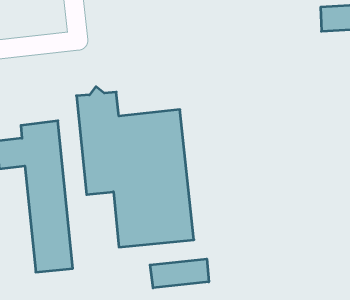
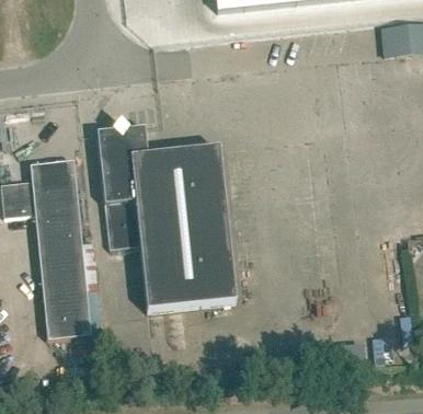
building: [150,259,209,288] -> none

